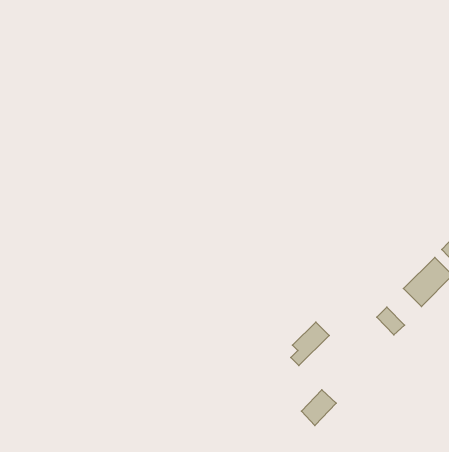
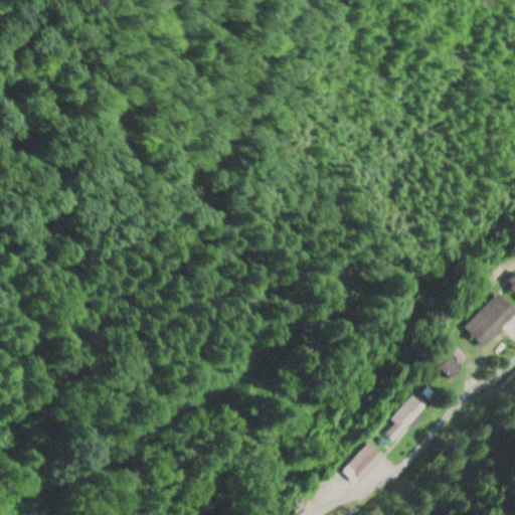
building: [291,322,329,366] -> [385,391,428,441]

